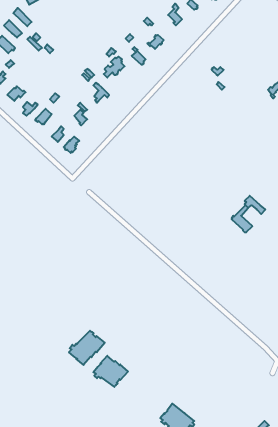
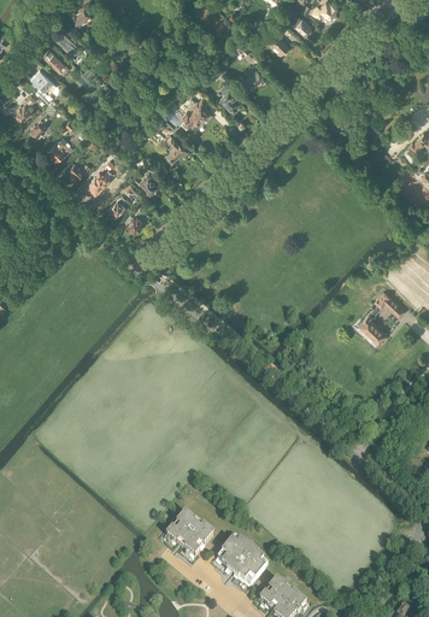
building: [69,331,105,365] -> none
building: none -> [218,537,268,586]

